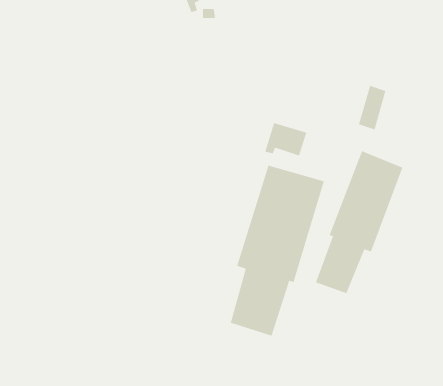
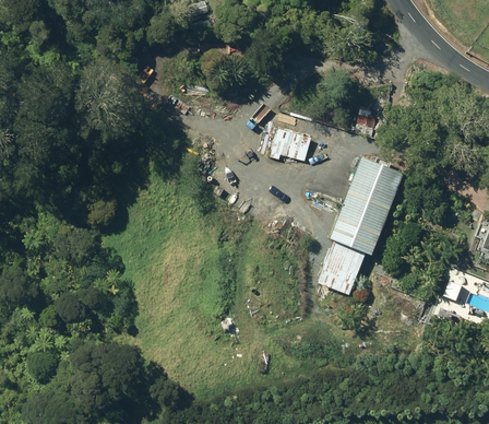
building: [230,165,325,337] -> none

